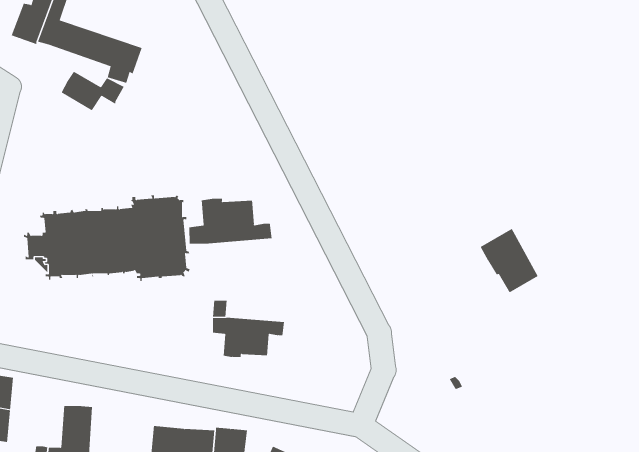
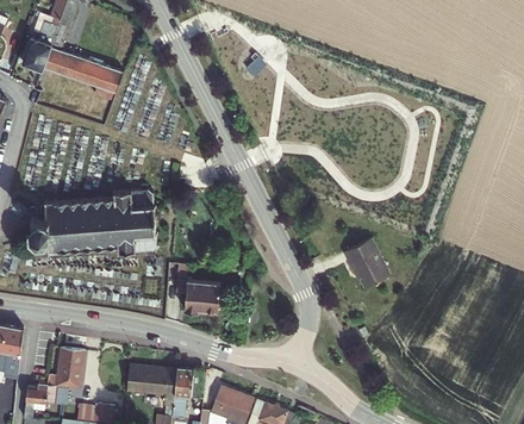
building: [61,71,125,111] -> none
building: [189,198,272,245] -> none
building: [480,228,539,293] -> [343,239,388,289]

